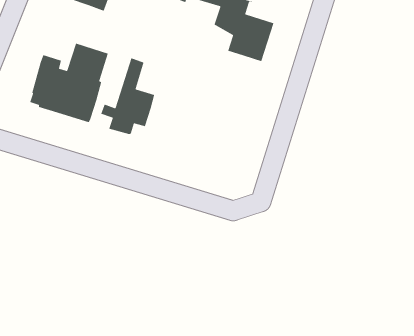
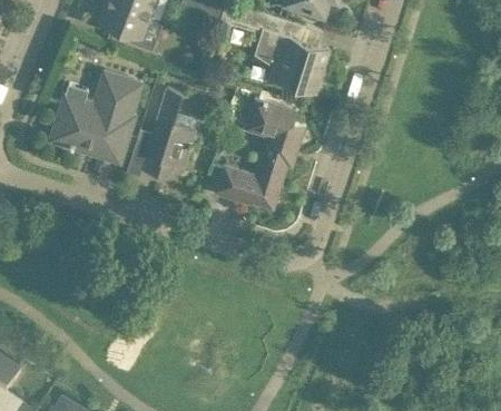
building: none -> [214,97,303,207]

